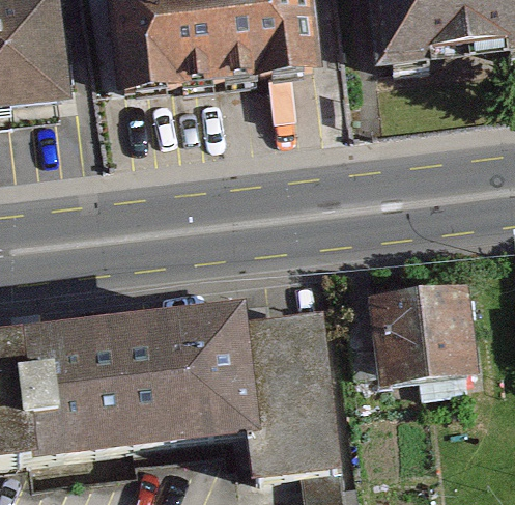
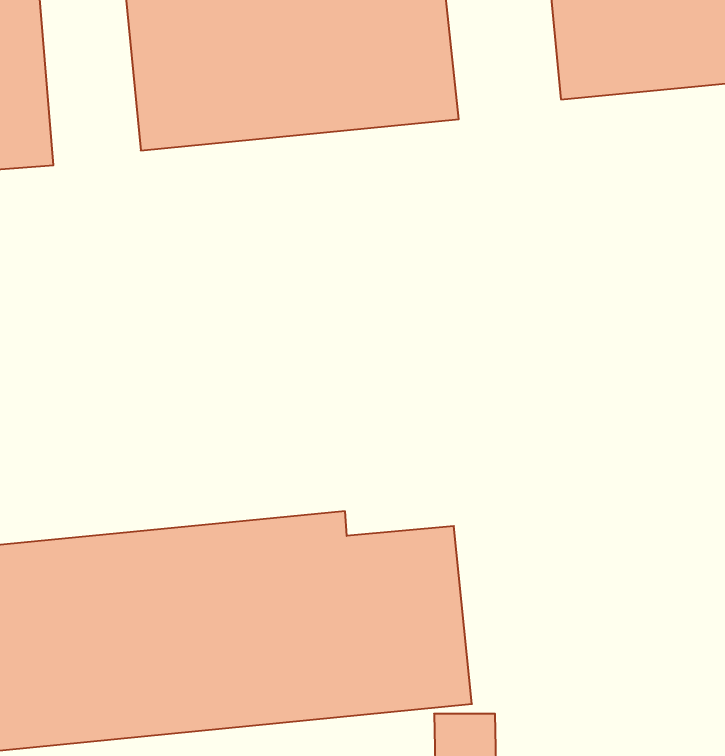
building: [367,289,473,384] -> none

